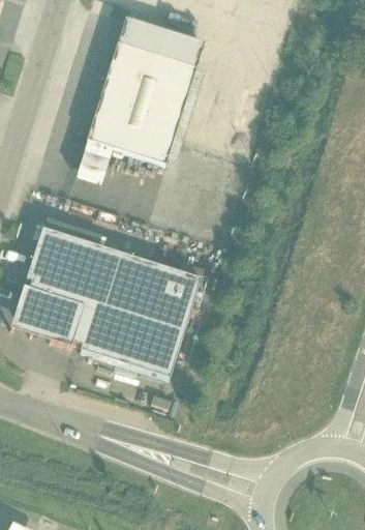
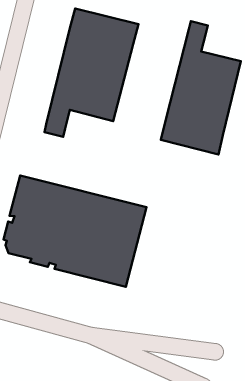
building: none -> [161,21,241,154]

